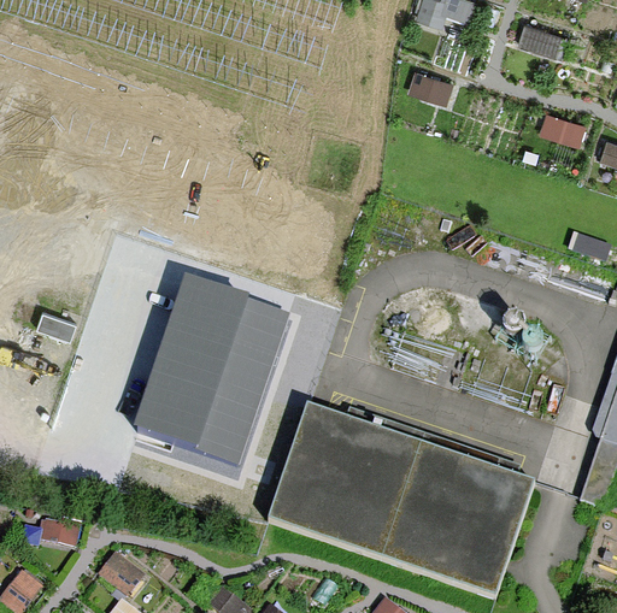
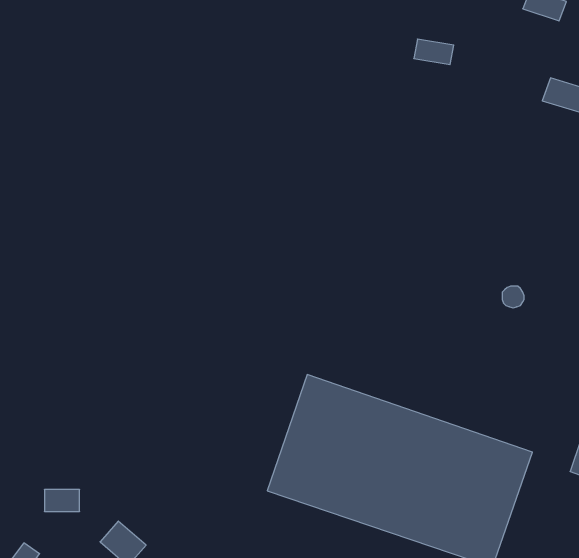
building: [130,282,288,466] -> none

